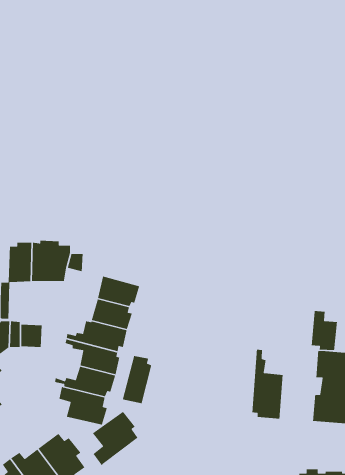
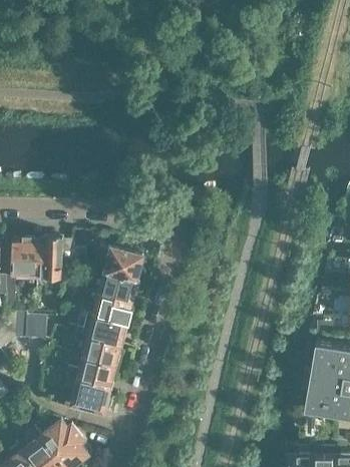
building: none -> [103,246,143,281]
building: [311,310,338,351] -> none
building: [251,349,284,420] -> none
building: [122,355,152,404] -> none
building: [92,411,139,466] -> none

